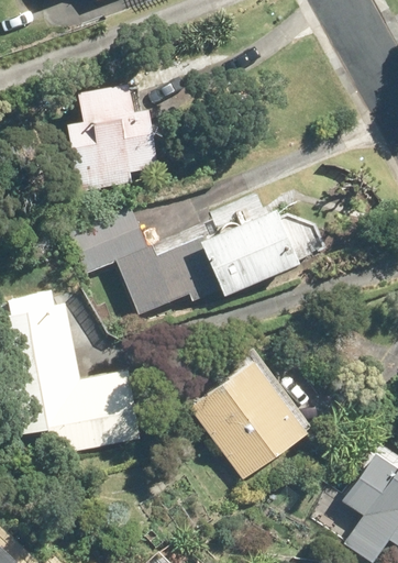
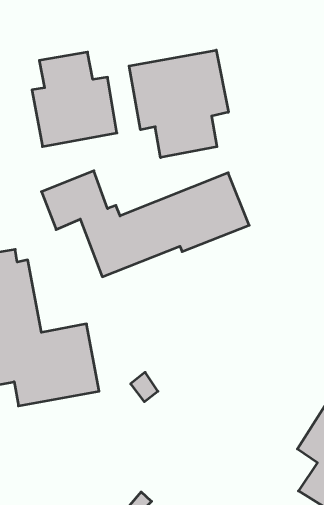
building: none -> [129,50,228,158]
building: [190,360,306,478] -> none

